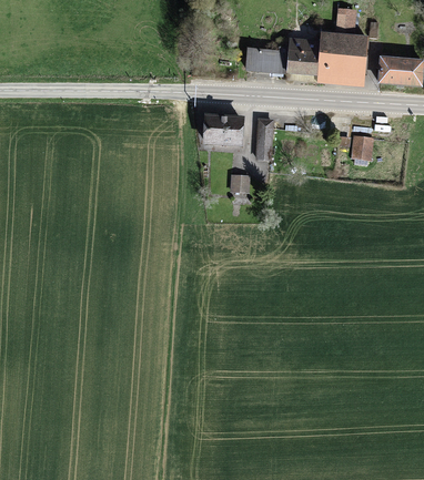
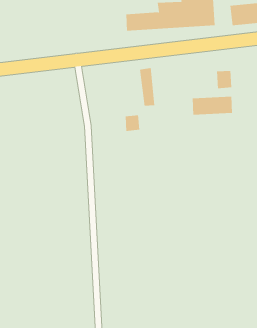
building: [204,114,243,144] -> none
building: none -> [192,96,233,116]

